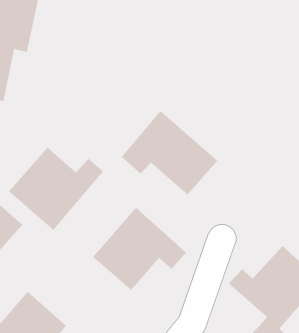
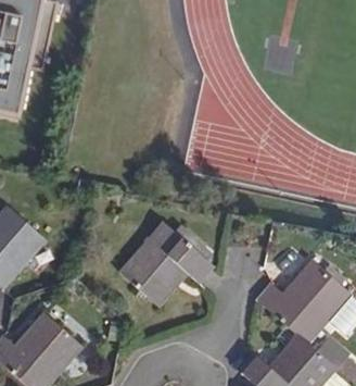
building: [121,110,218,196] -> none
building: [8,147,104,231] -> none

